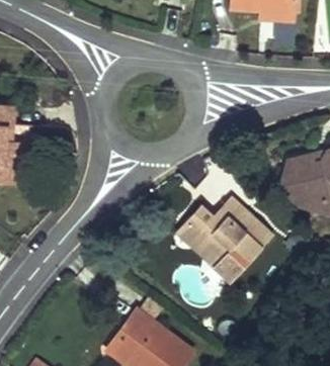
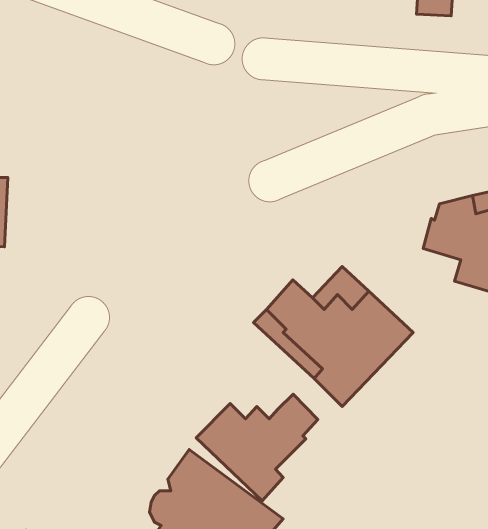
building: none -> [196,394,318,501]

